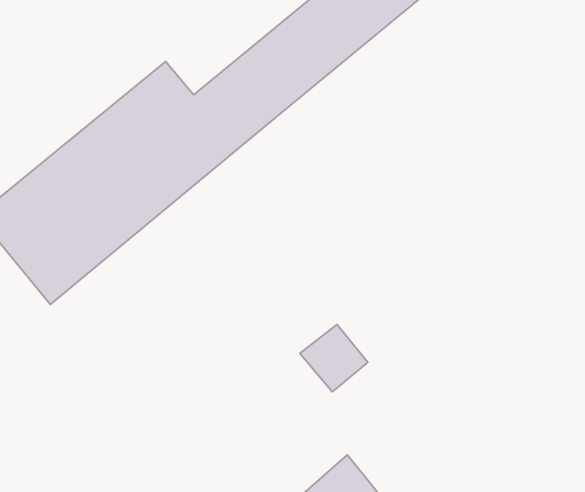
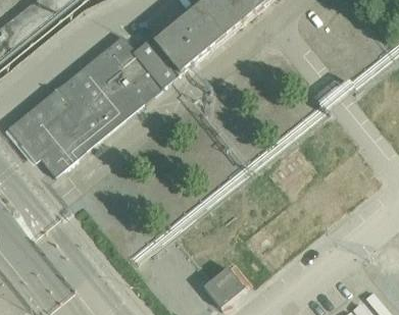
building: [300,325,368,392] -> none

